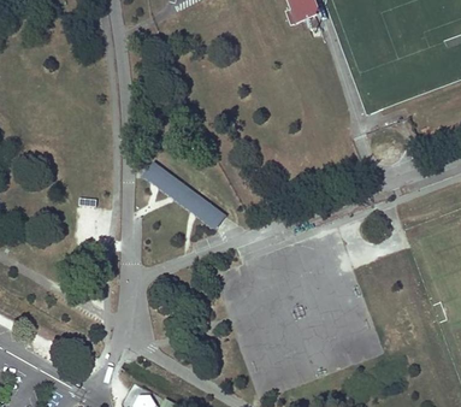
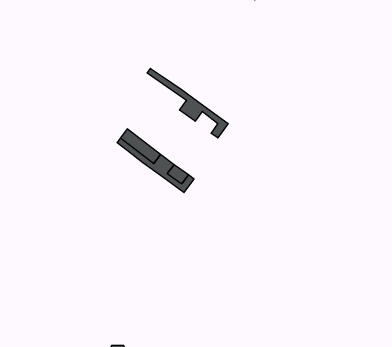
building: none -> [147,68,228,138]

